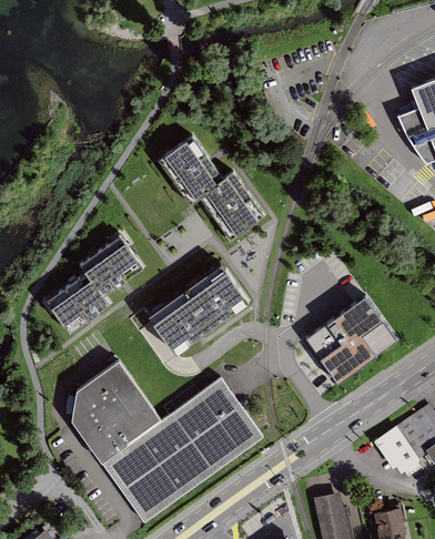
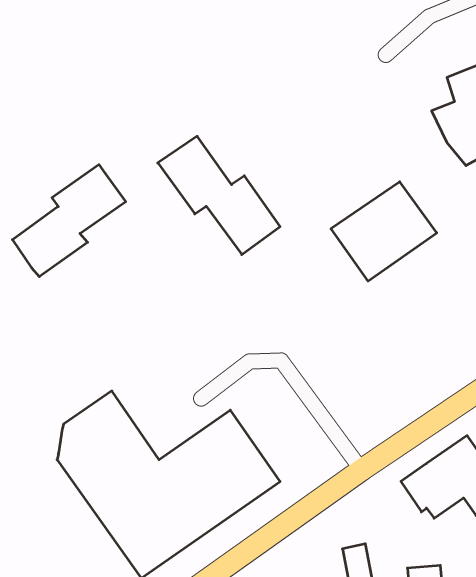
building: [45,237,144,335] -> [12,165,126,277]
building: [149,264,250,355] -> none
building: [305,296,397,383] -> [331,182,437,281]

